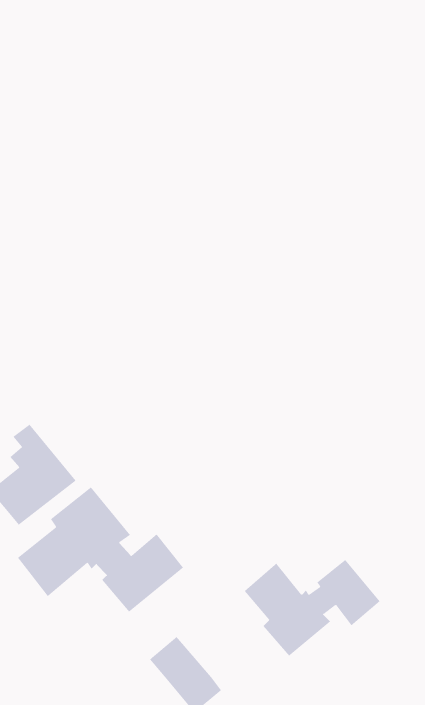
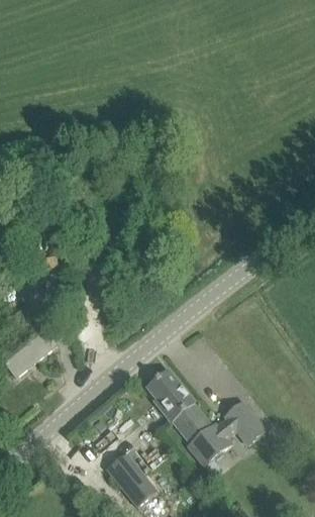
building: [17,487,184,613] -> none
building: none -> [146,369,195,423]

